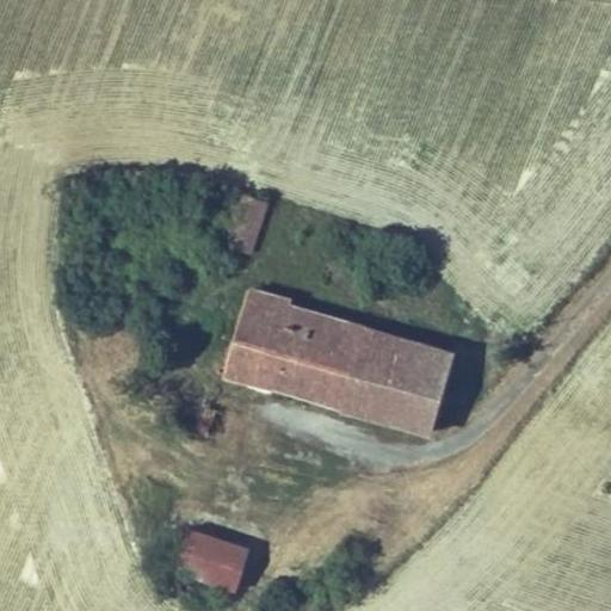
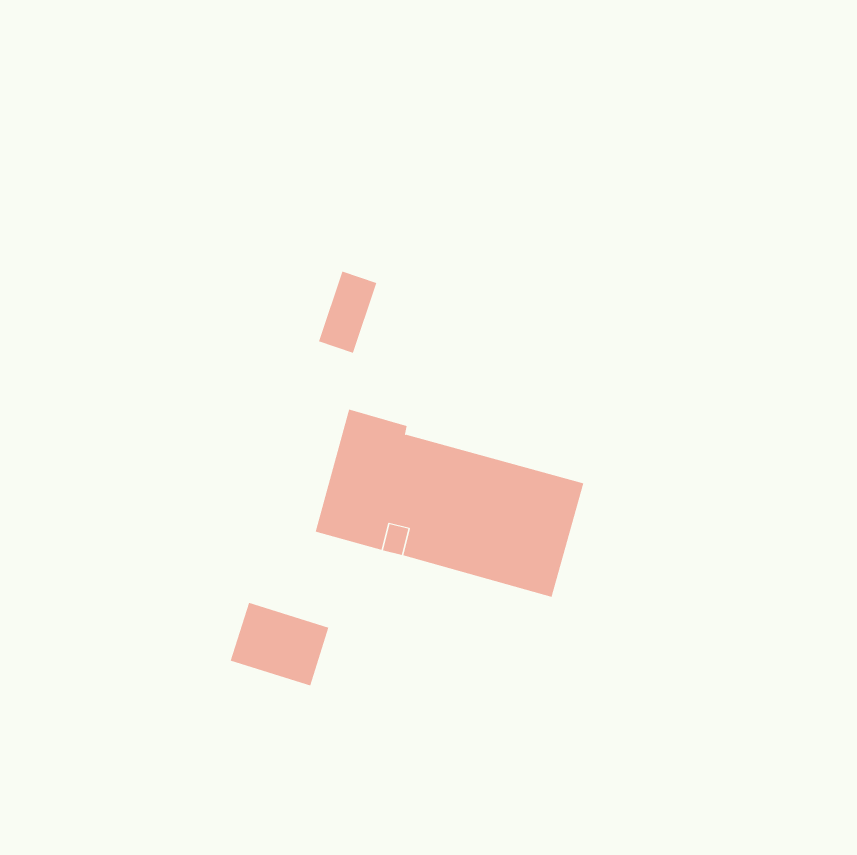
building: [394,342,452,433] -> none
building: [178,530,248,590] -> [230,602,329,686]

